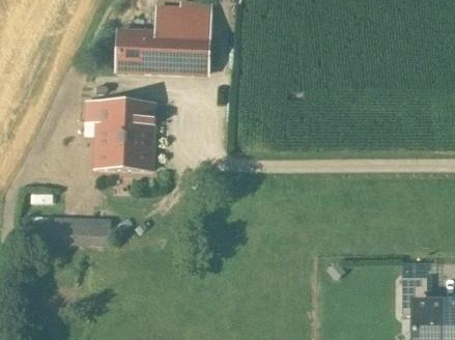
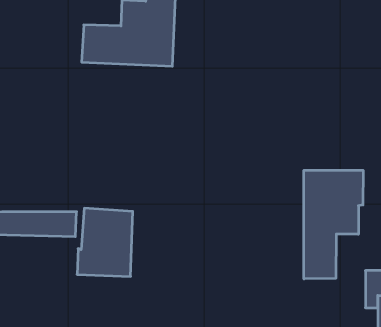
building: [96,100,152,168] -> [77,208,133,276]
building: none -> [304,170,363,279]

